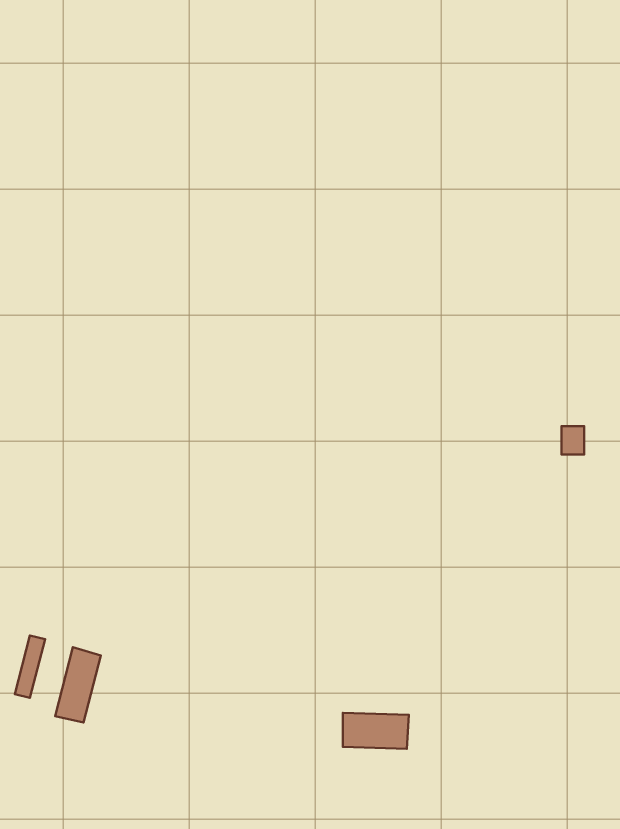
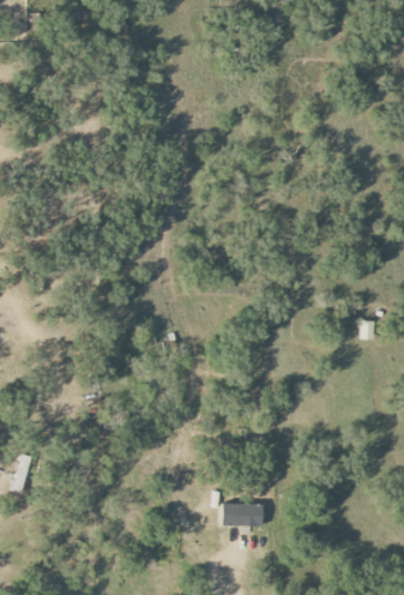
building: [55,647,101,722] -> none

